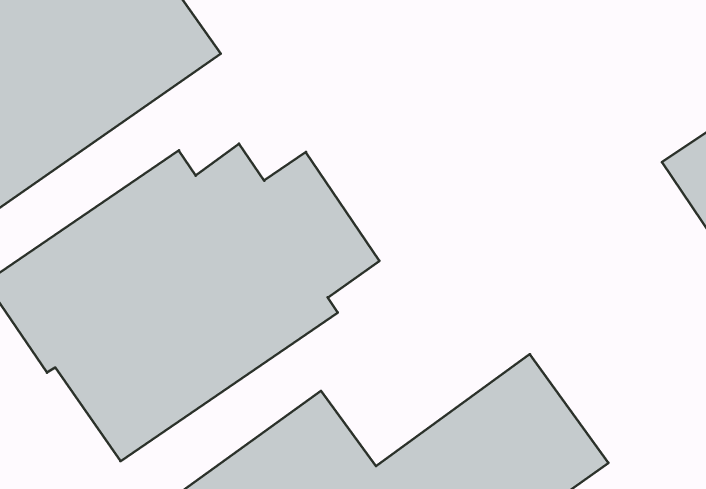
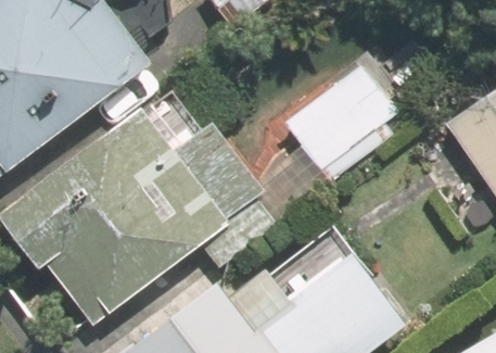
building: none -> [281,62,405,185]

